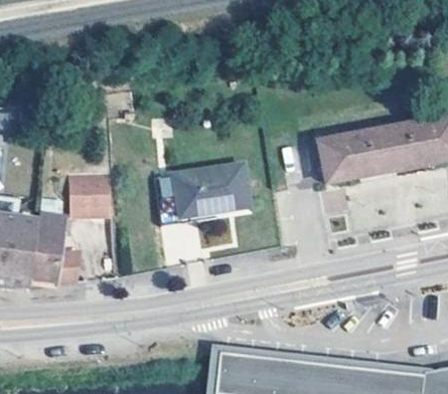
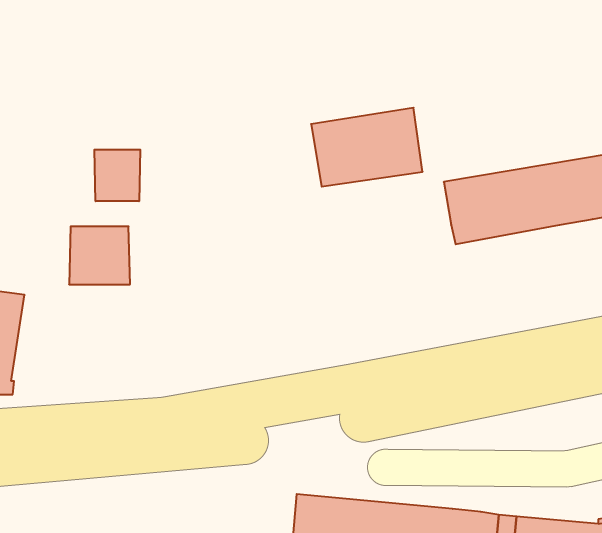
building: none -> [94,150,140,201]
building: [171,162,247,215] -> [311,108,423,187]
building: [26,210,76,282] -> none

